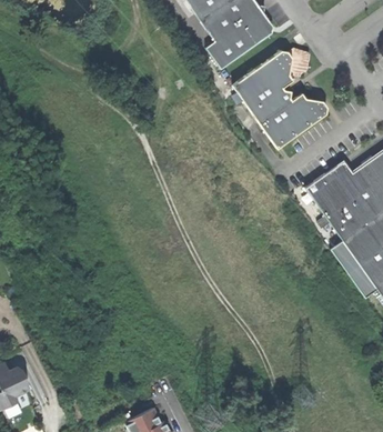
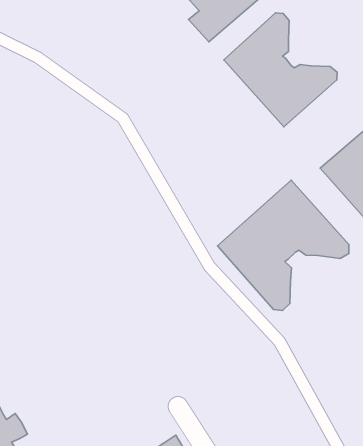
building: none -> [217,180,349,310]

